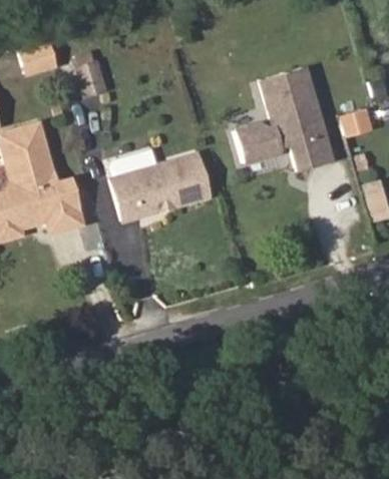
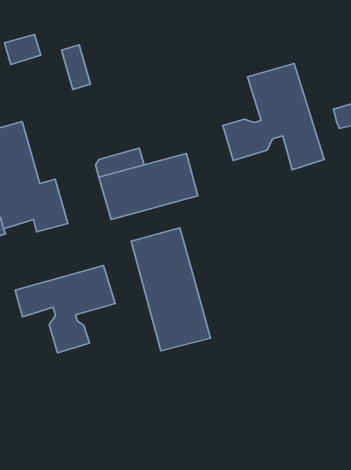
building: none -> [131,228,210,351]
building: none -> [15,265,115,353]

